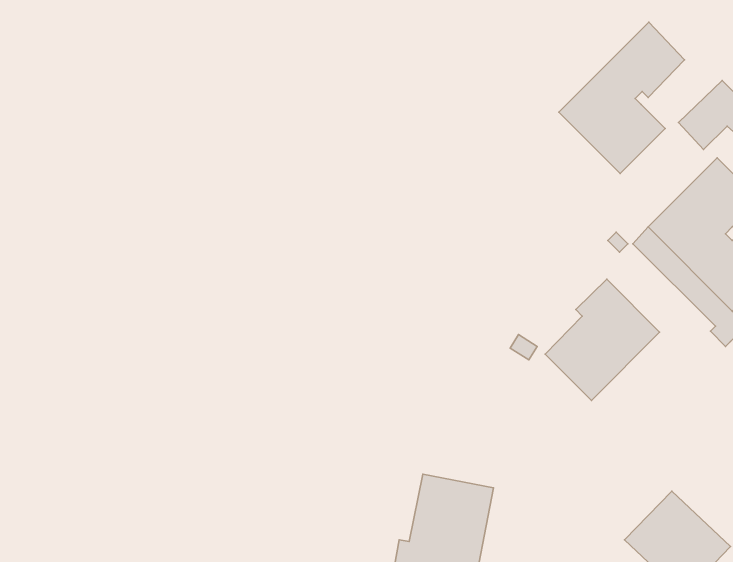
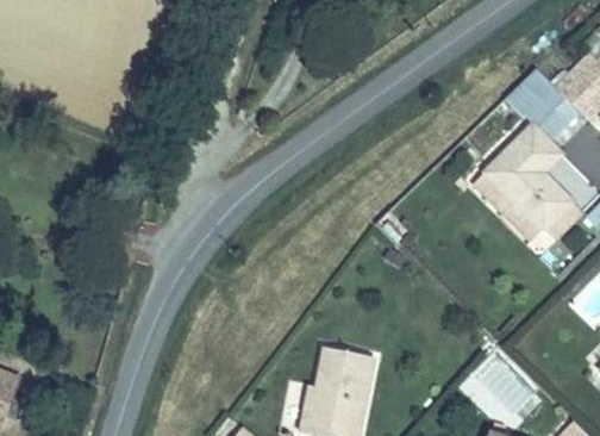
building: [559,22,684,174] -> none
building: [545,279,660,401] -> none

